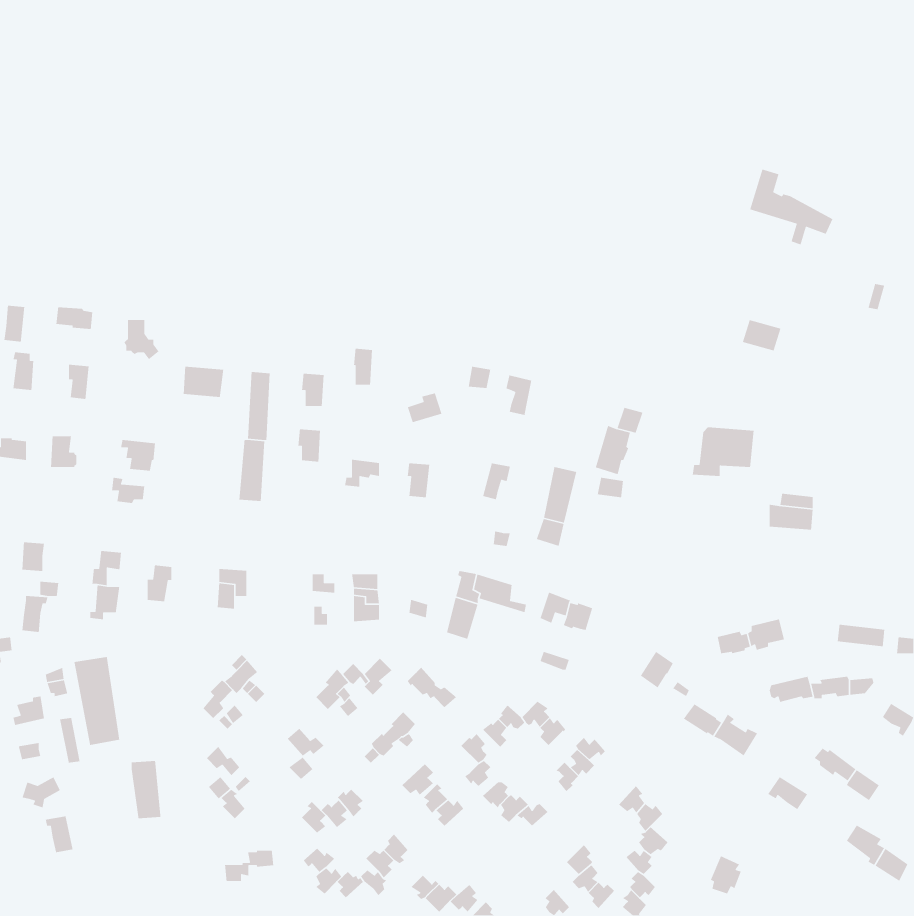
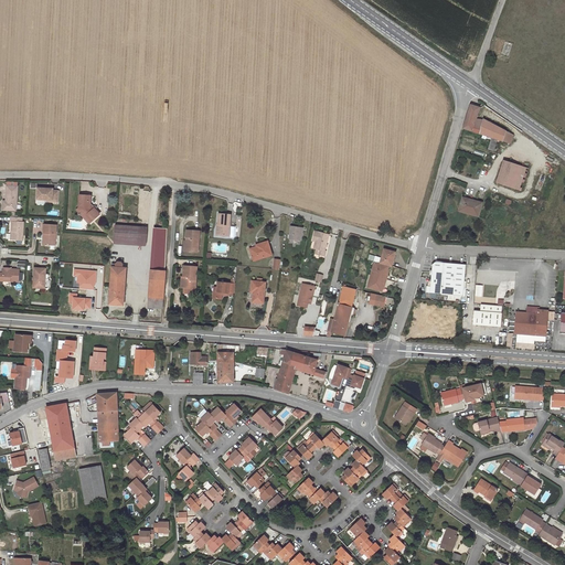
building: none -> [494,160,525,191]
building: none -> [107,259,125,306]
building: none -> [515,310,548,335]
building: none -> [96,393,117,441]

